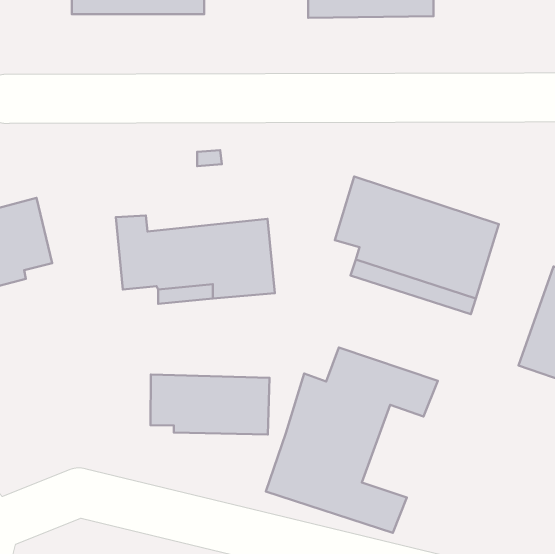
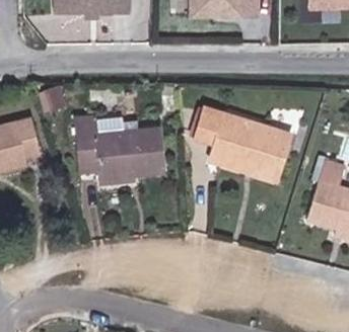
building: [266,348,438,533] -> none
building: [151,374,269,435] -> none

